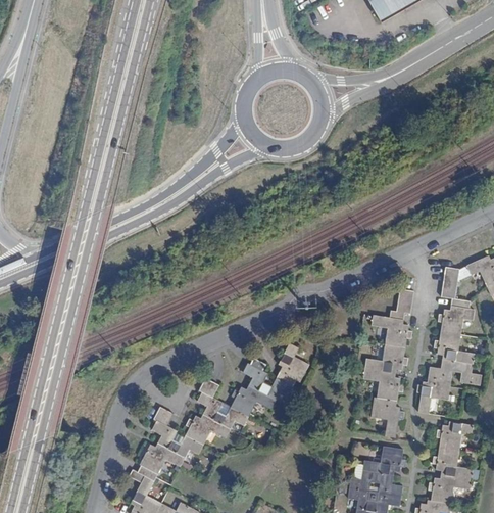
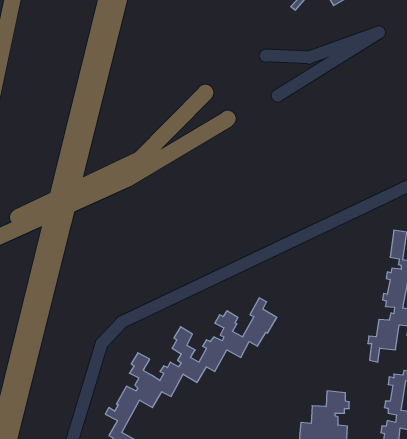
building: [363,291,413,440] -> none

